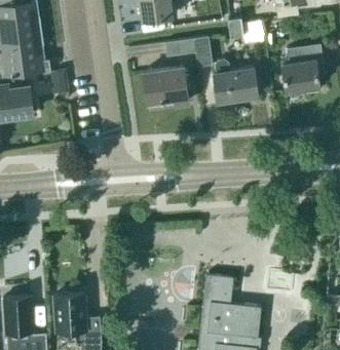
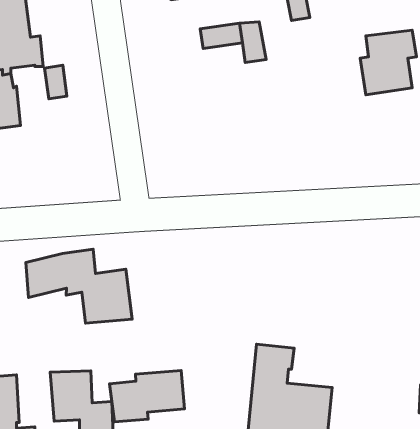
building: [213,61,257,103] -> none
building: [143,68,188,105] -> none
building: none -> [26,249,132,323]
building: none -> [110,370,185,422]

